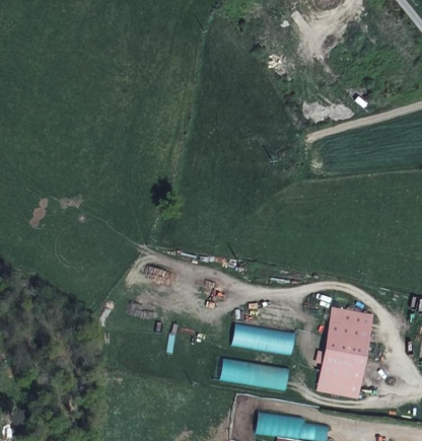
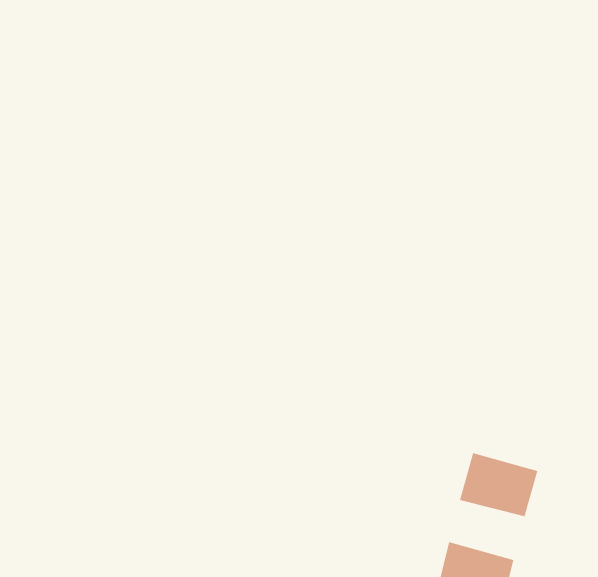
building: [324,338,368,370] -> none

